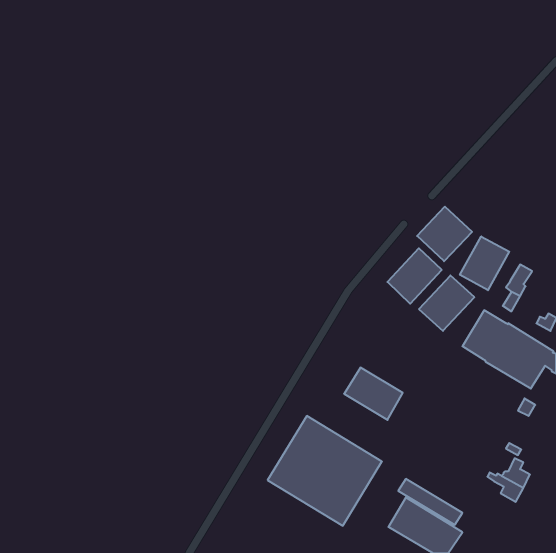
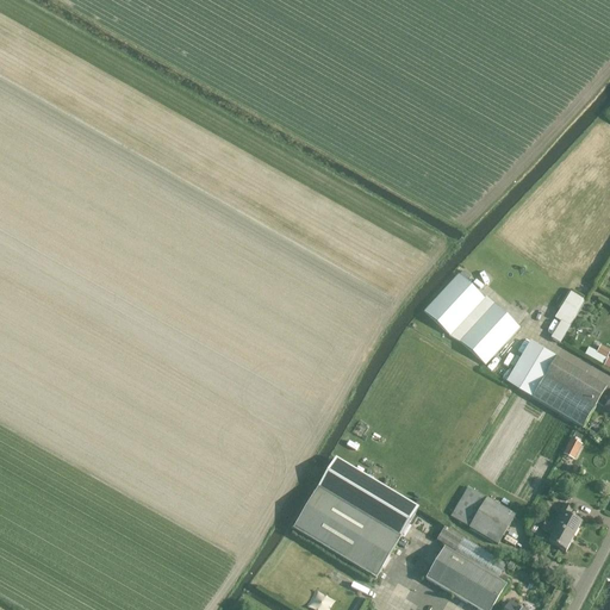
building: [417,207,472,261] -> none
building: [460,236,509,290] -> none
building: [344,368,403,420] -> [450,485,515,542]

